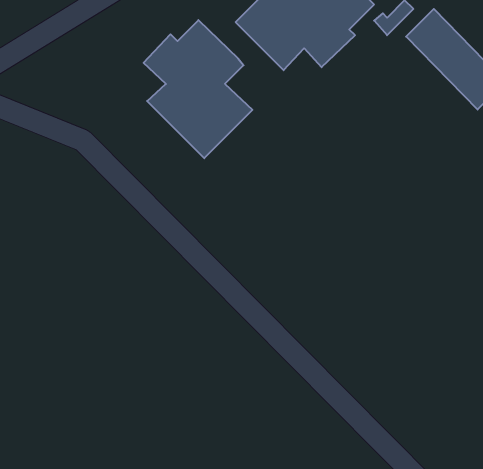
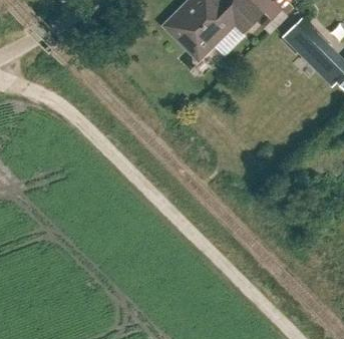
building: [144,20,252,158] -> none

